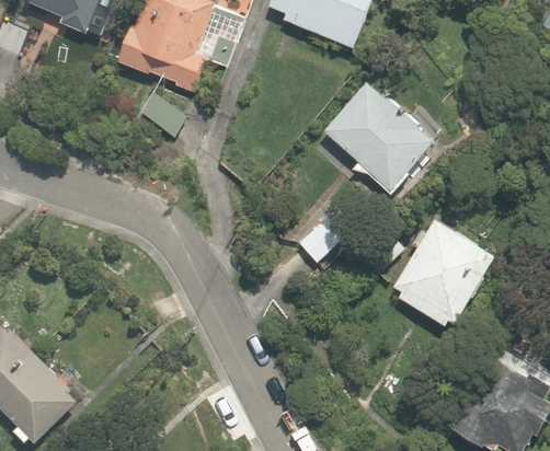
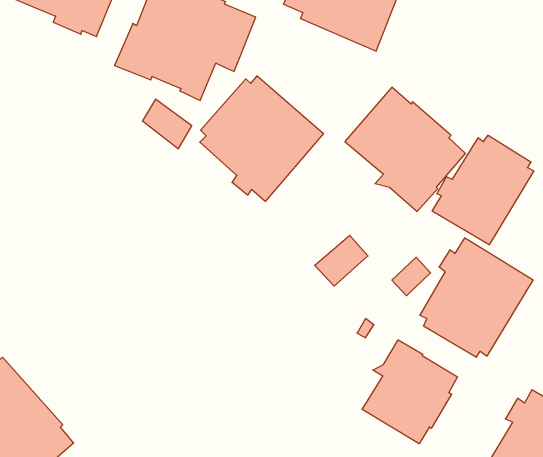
building: none -> [200,76,323,201]
building: none -> [432,135,534,245]
building: none -> [362,340,457,444]

